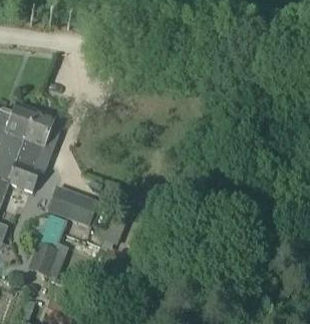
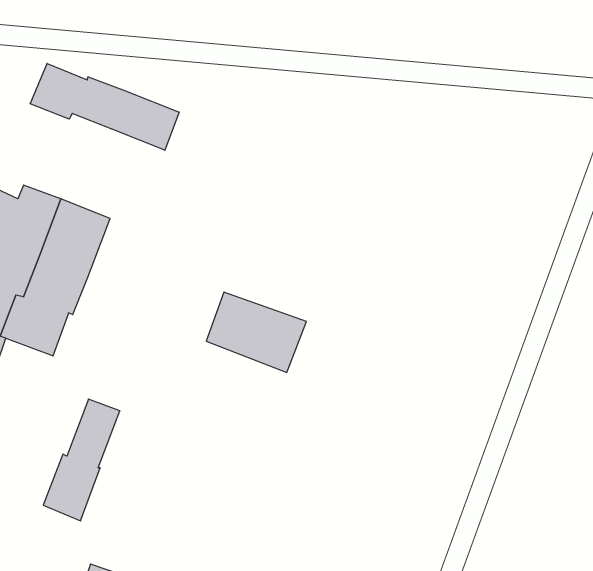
building: none -> [30,63,179,150]
building: [46,186,97,227] -> [206,292,306,373]

